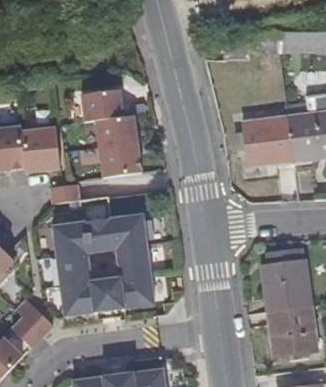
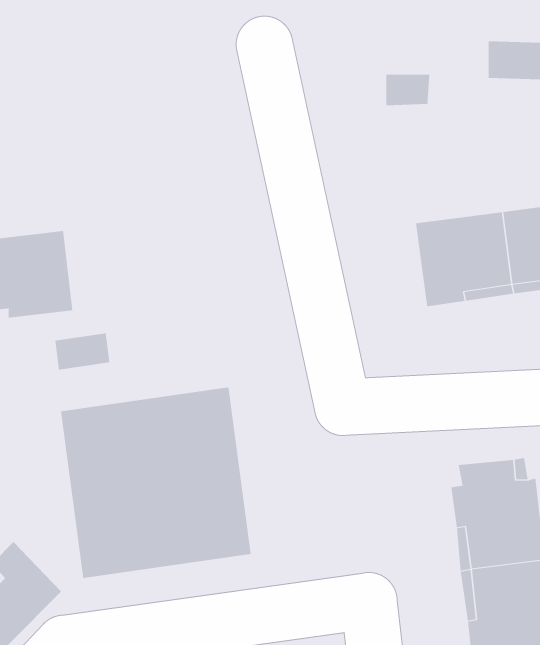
building: [78,89,142,176] -> none

